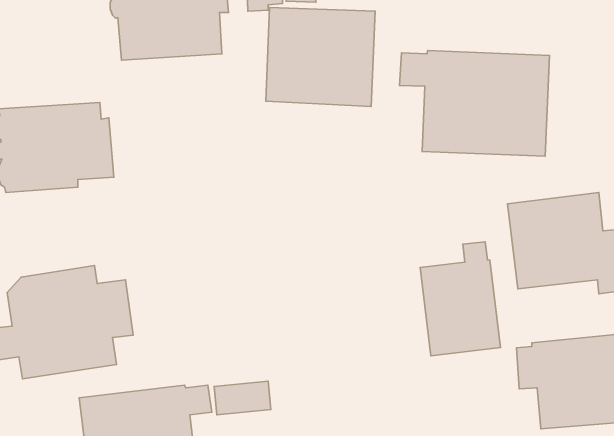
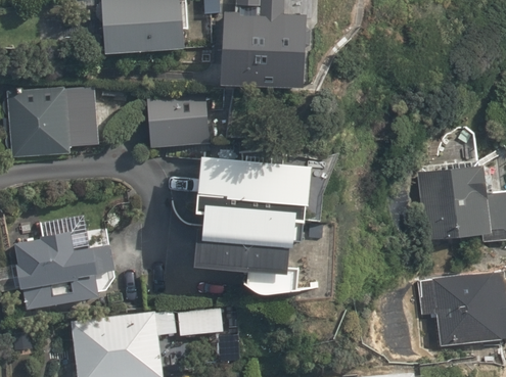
building: [400,51,549,156] -> none
building: none -> [152,93,215,151]
building: none -> [194,161,306,294]
building: [420,242,500,356] -> none

